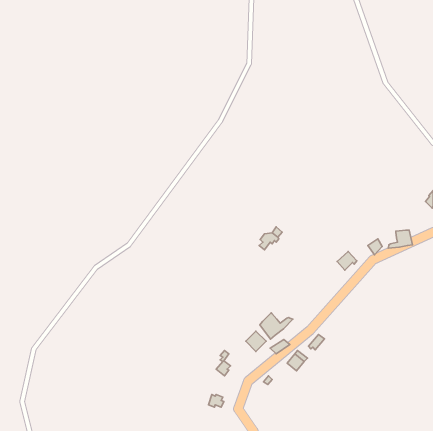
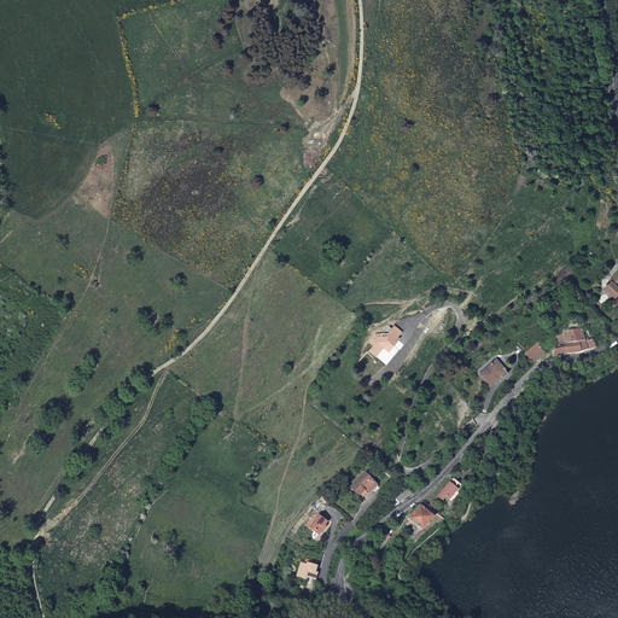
building: [260,313,293,339] -> none

